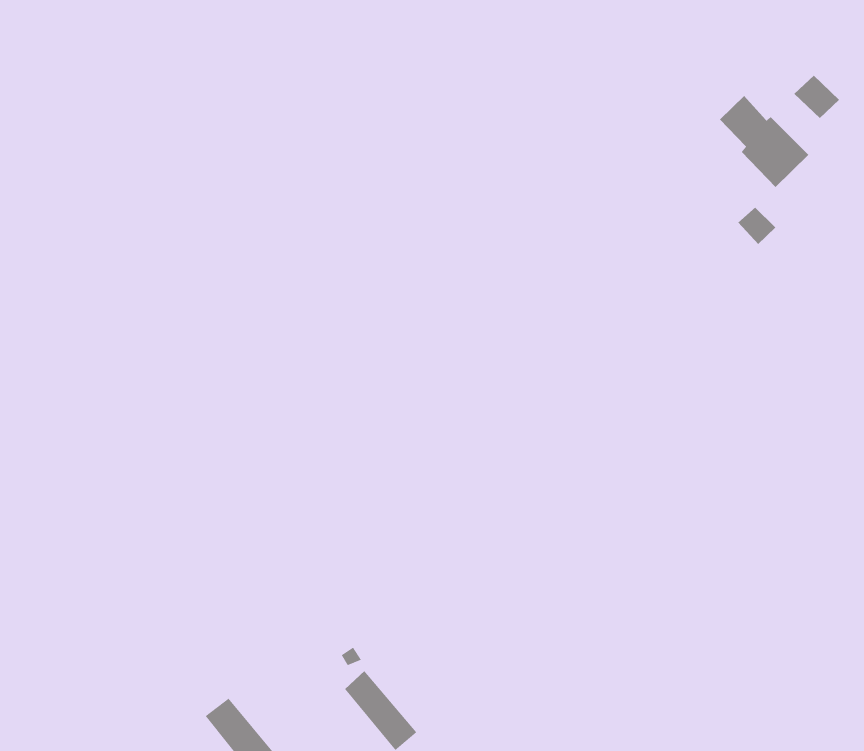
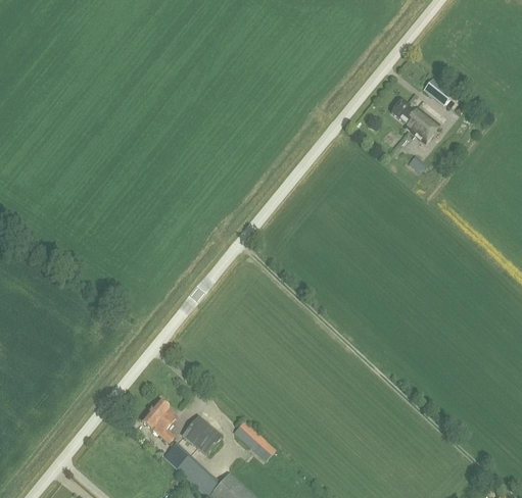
building: none -> [141,399,176,441]
building: none -> [182,414,222,453]

